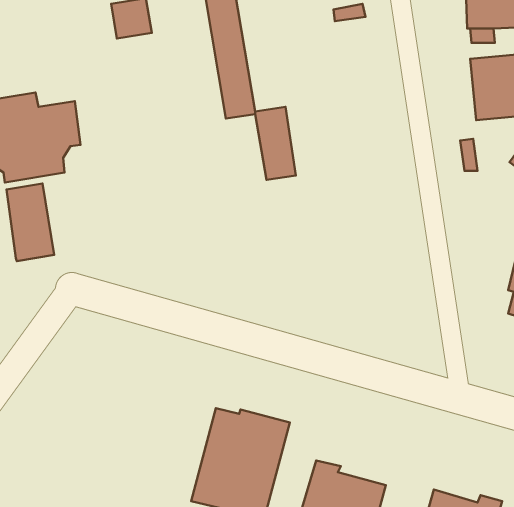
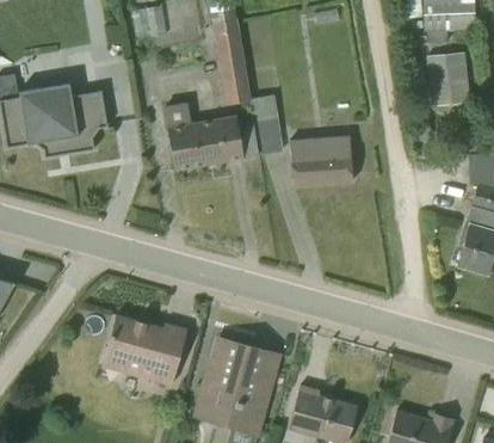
building: none -> [165,101,243,168]
building: none -> [290,135,353,185]
building: [7,183,54,261] -> none
building: none -> [103,314,187,384]

